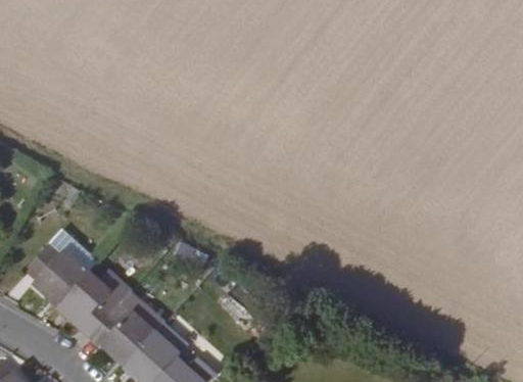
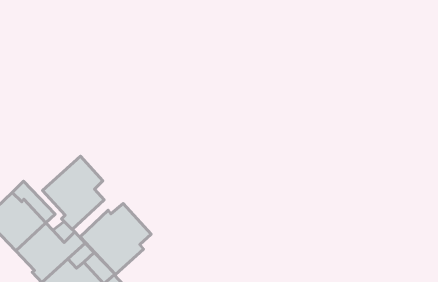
building: none -> [43,156,104,229]
building: none -> [80,203,151,274]

